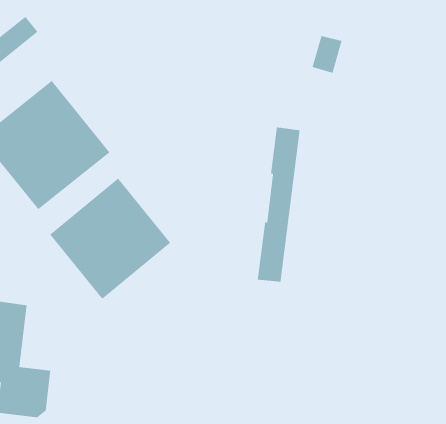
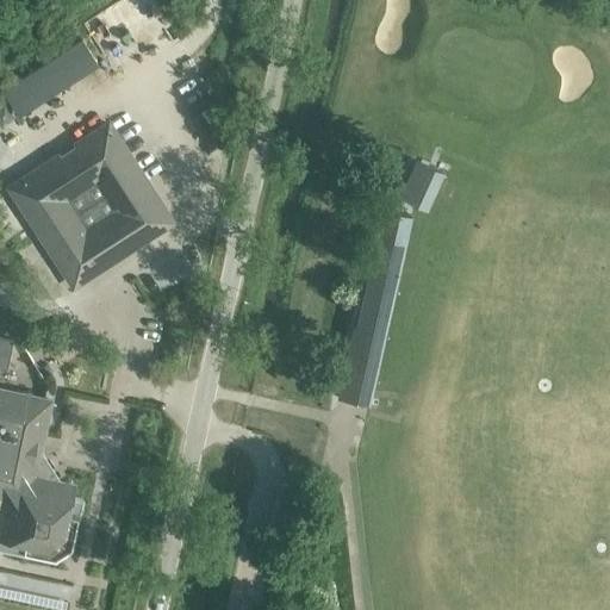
building: [312,35,342,74] -> [402,156,443,206]
building: [49,178,171,300] -> none

